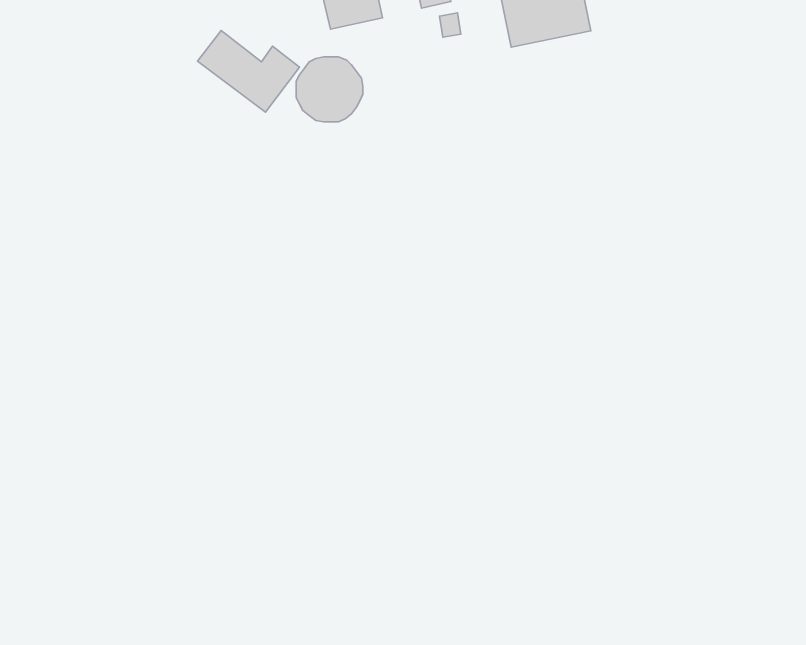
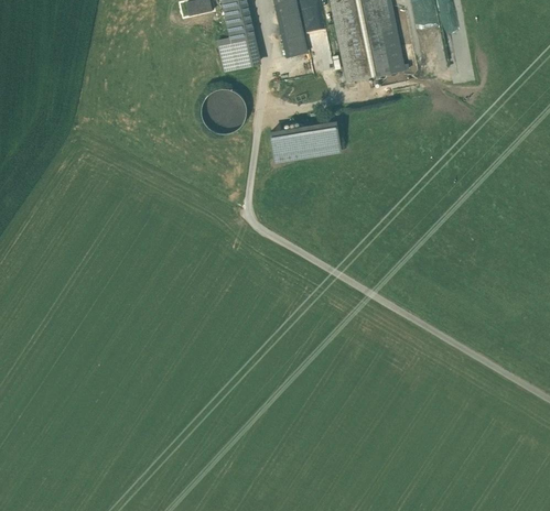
building: [198,30,300,112] -> none
building: none -> [271,122,341,159]

